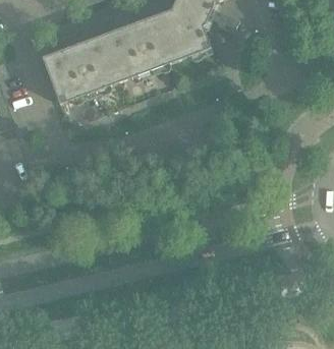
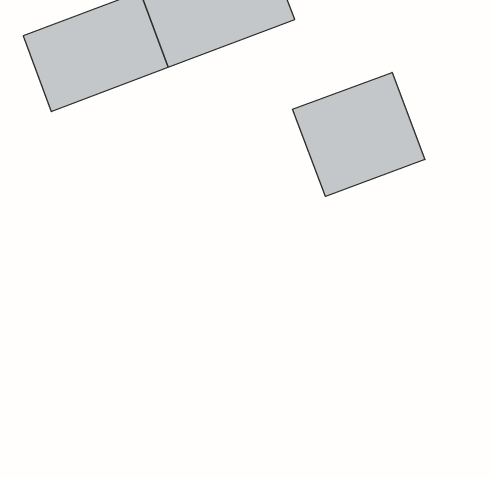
building: none -> [292,72,425,196]

